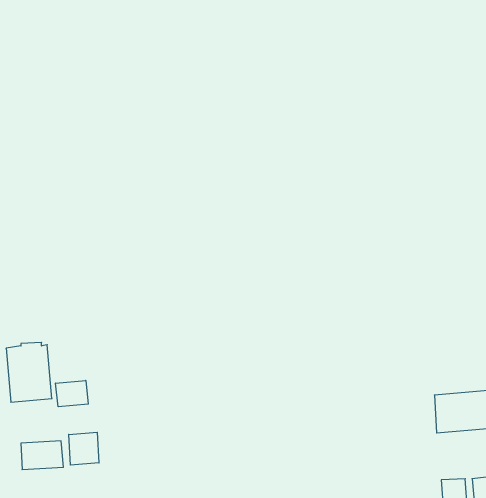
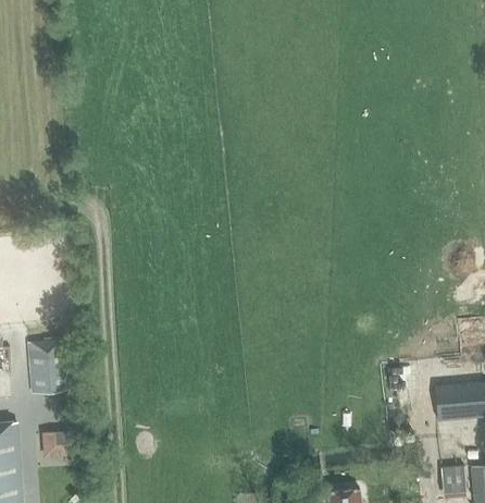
building: [56,380,88,407] -> none
building: [69,432,99,465] -> none

